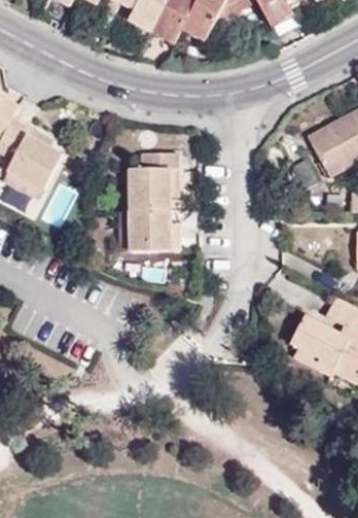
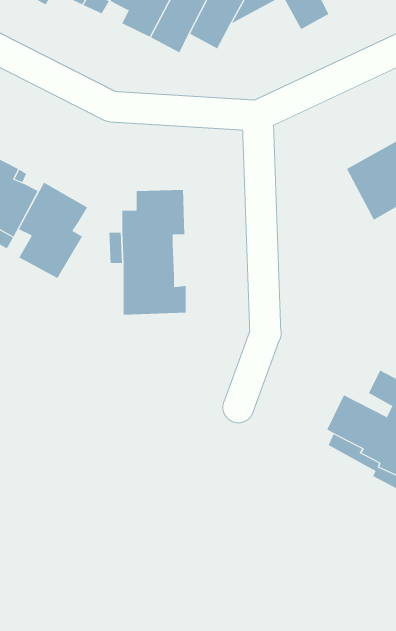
building: none -> [18,182,88,279]

